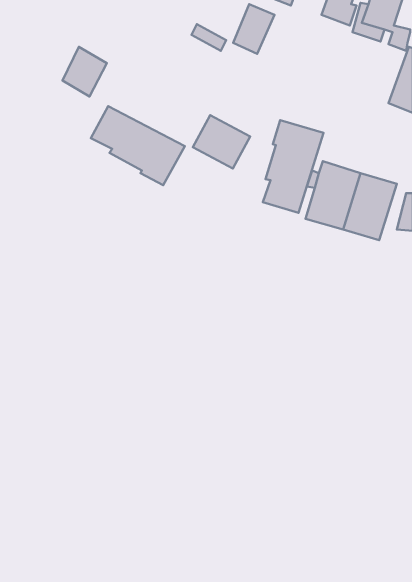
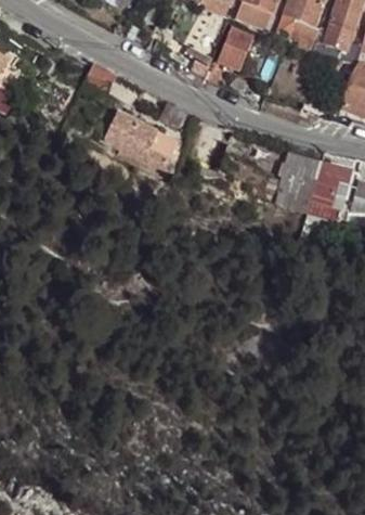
building: [193,115,250,168] -> none
building: [263,120,324,213] -> none

